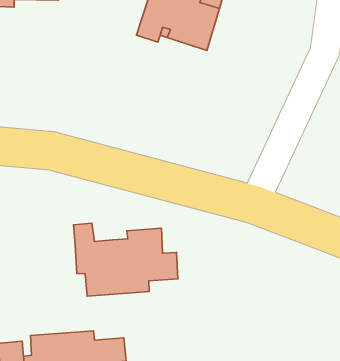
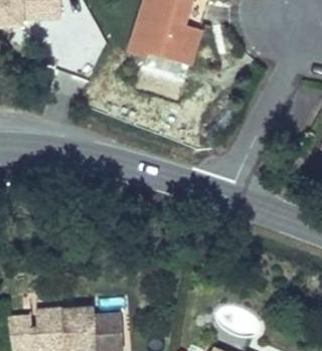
building: [74,223,178,296] -> none

